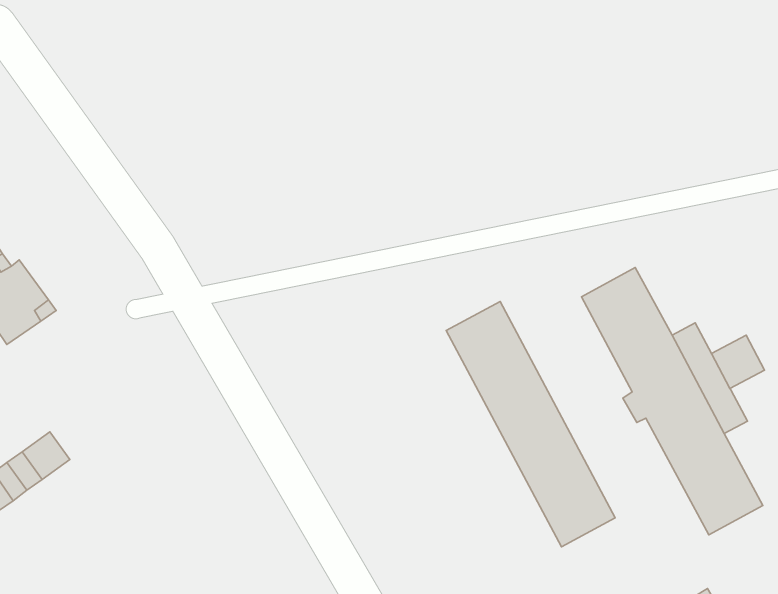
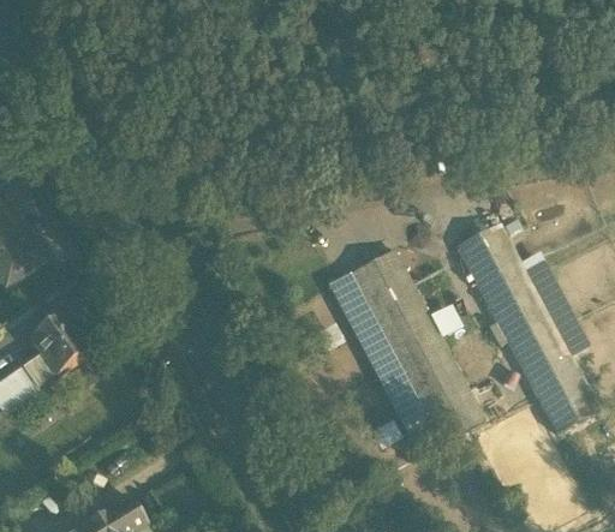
building: none -> [328,271,440,452]
building: [711,335,765,388] -> none
building: none -> [29,313,86,372]

